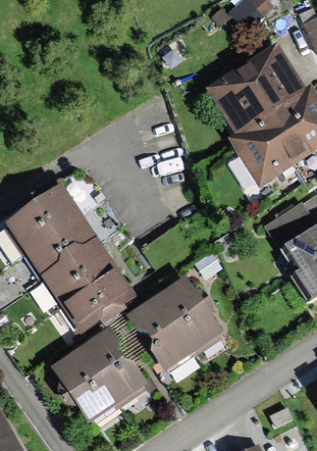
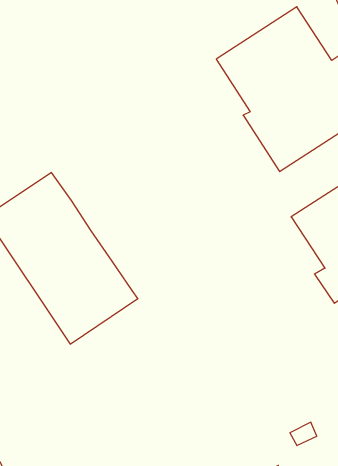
building: [125,275,222,371] -> none
building: [51,325,148,422] -> none

